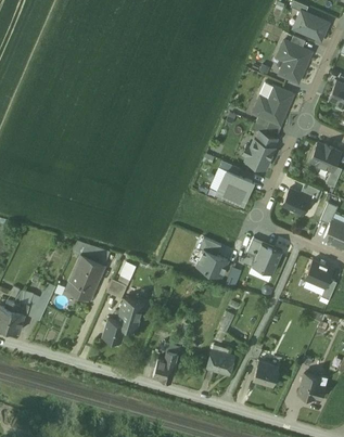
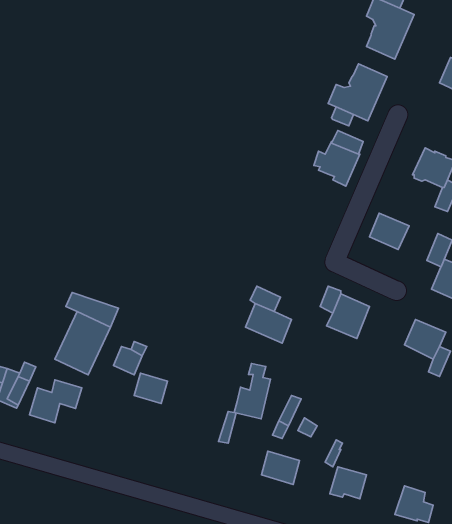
building: [217,170,252,204] -> none
building: [103,312,139,342] -> [29,380,82,423]
building: [153,342,178,380] -> [234,363,271,419]

